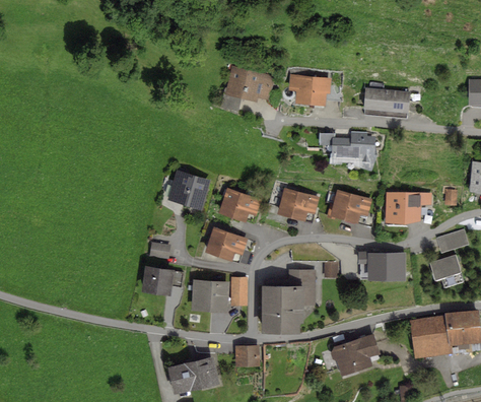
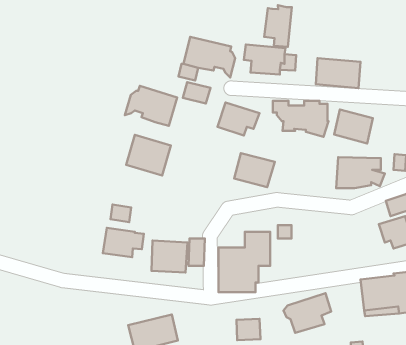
building: none -> [264,5,292,47]
building: none -> [183,82,210,103]
building: none -> [125,86,177,126]
building: [218,188,262,222] -> [218,103,259,136]
building: [331,190,371,225] -> [334,109,373,143]
building: [205,227,248,264] -> none
building: [358,251,406,281] -> none
building: [234,345,260,367] -> [236,319,261,340]

